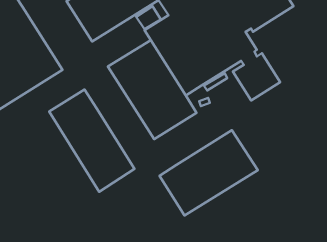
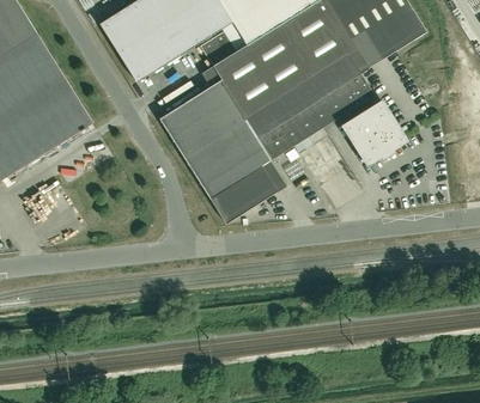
building: [49,89,135,192] -> none
building: [159,130,258,215] -> none

